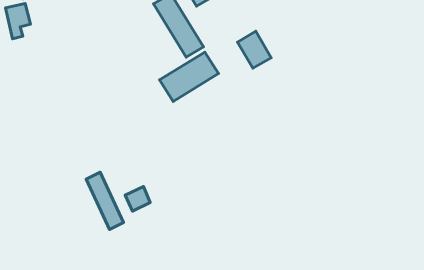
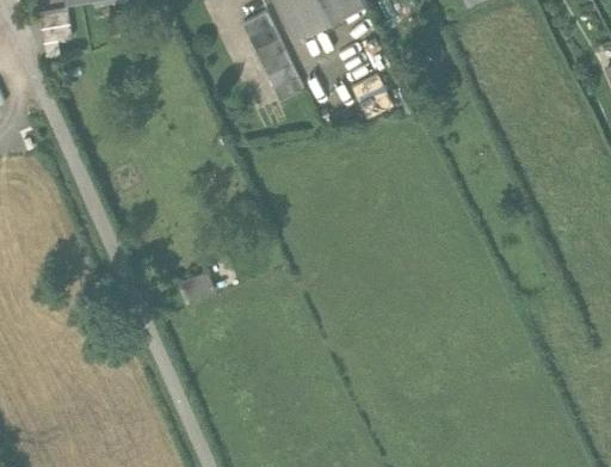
building: [160,52,218,101] -> none
building: [86,172,124,230] -> none

